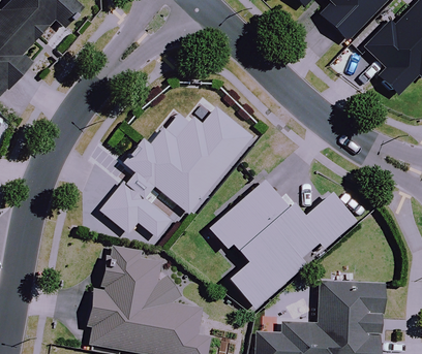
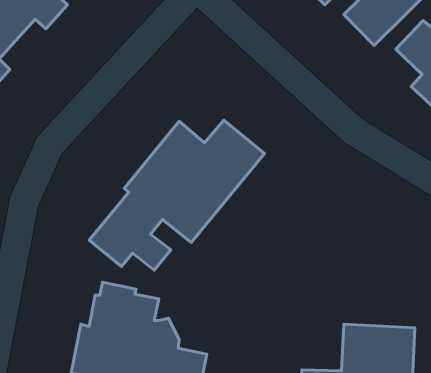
building: [200,180,356,308] -> none

